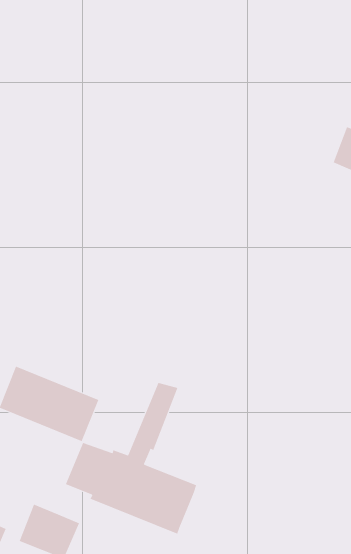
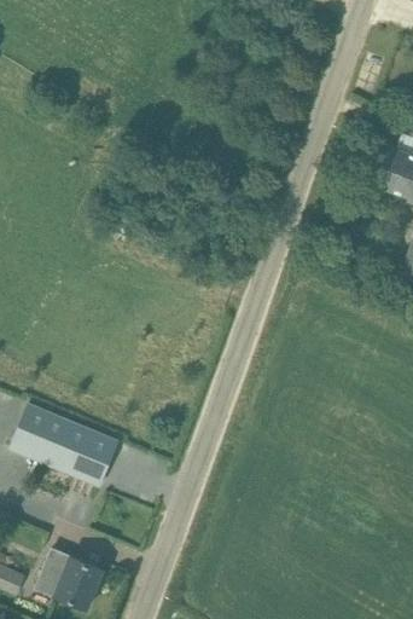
building: [65,382,197,535] -> none

